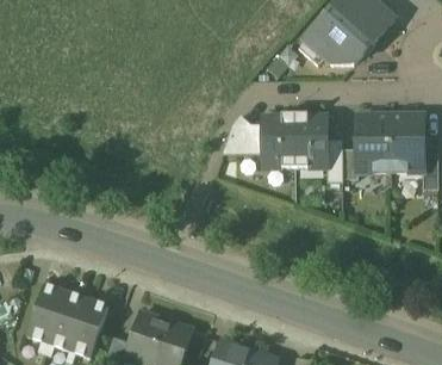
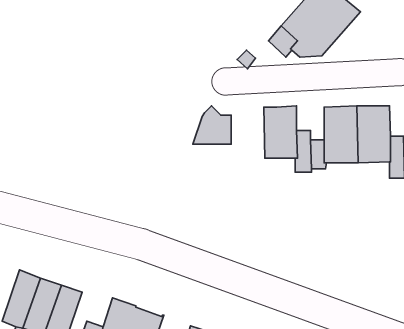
building: [261,116,295,168] -> none

